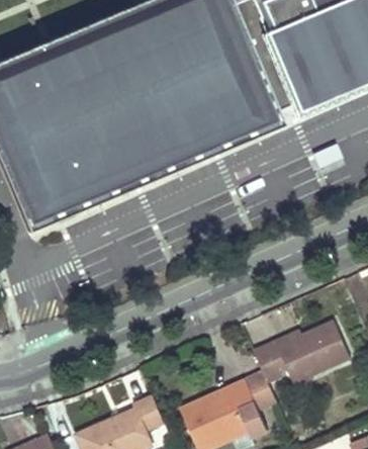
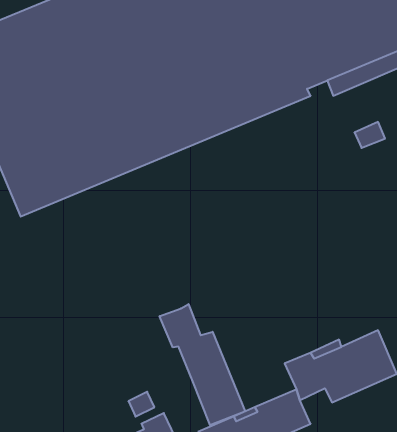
building: none -> [160,304,245,425]

